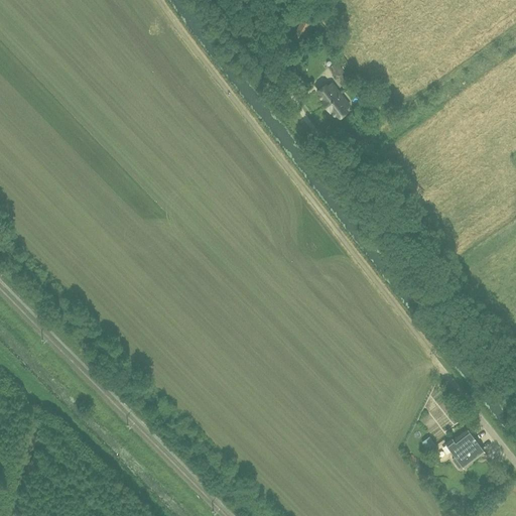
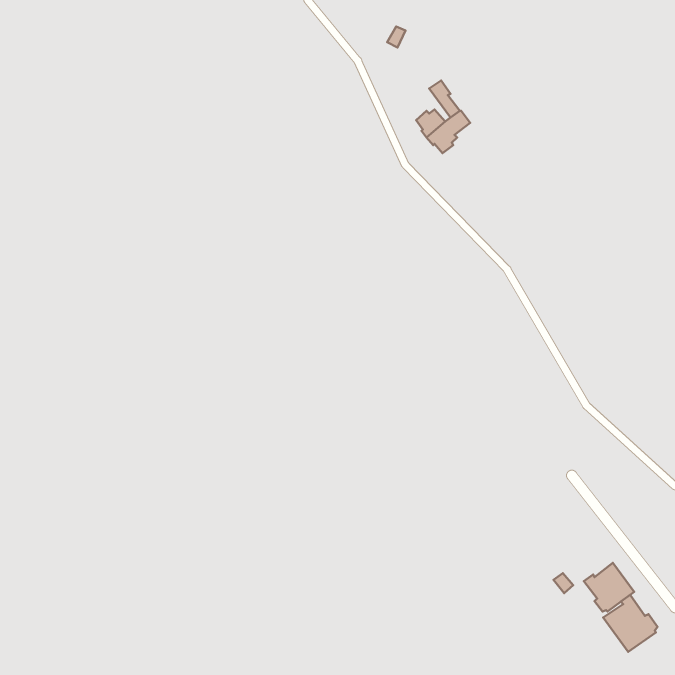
building: none -> [603,595,657,652]

